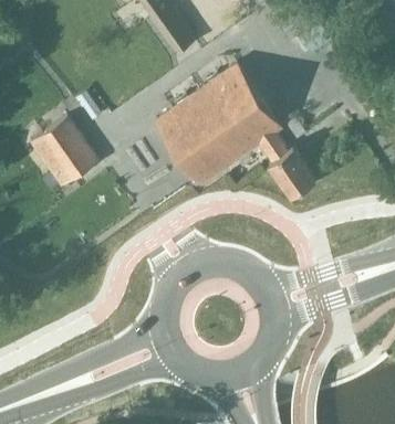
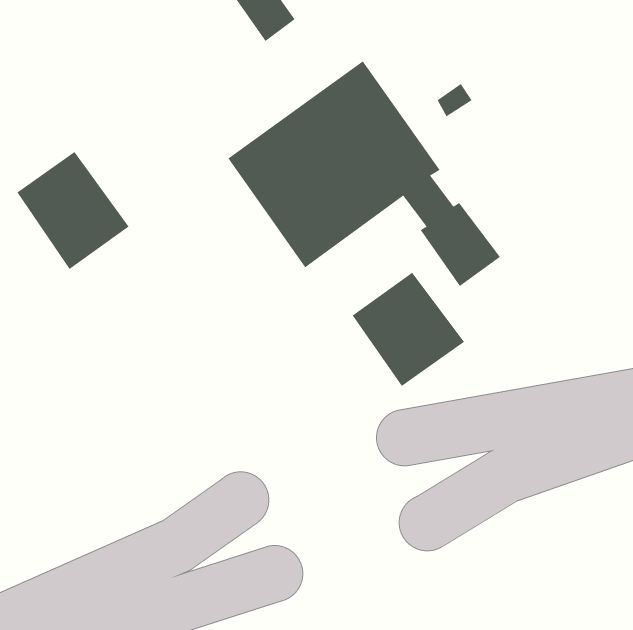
building: none -> [352,272,465,387]

